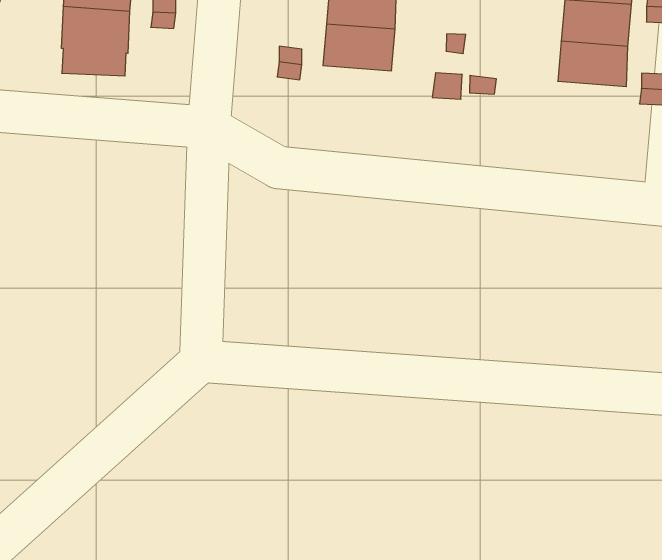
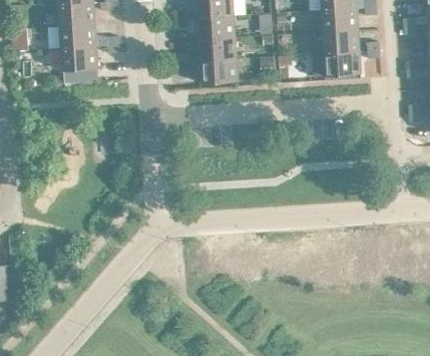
building: none -> [199,57,237,82]
building: none -> [323,49,360,74]

